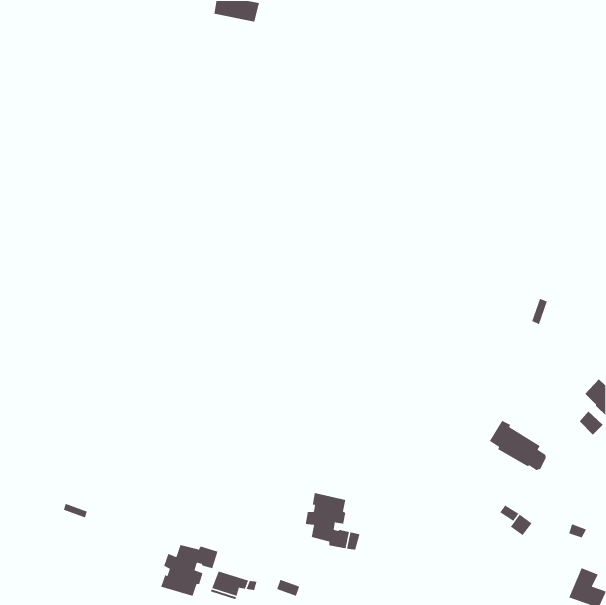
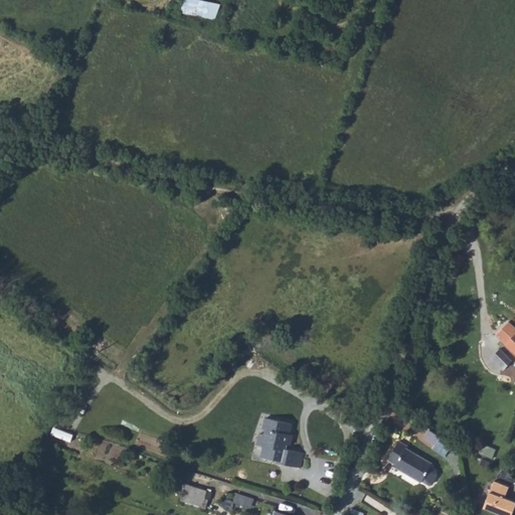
building: [489,420,547,471] -> [387,442,437,485]
building: [160,544,218,597] -> none

